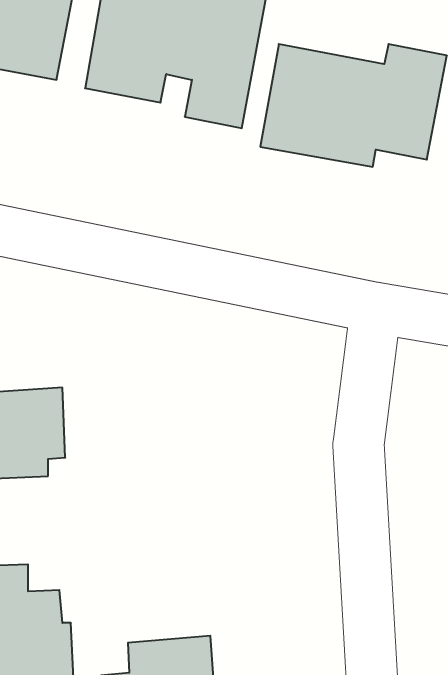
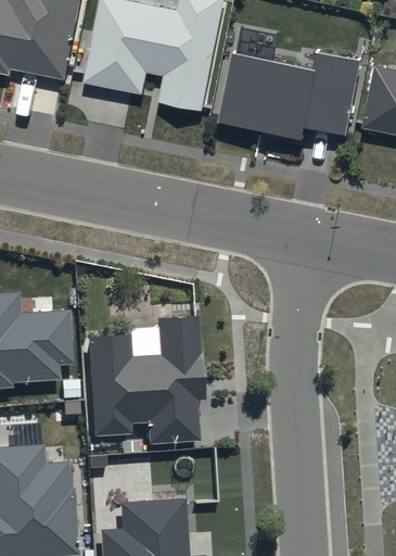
building: none -> [86,314,205,443]

